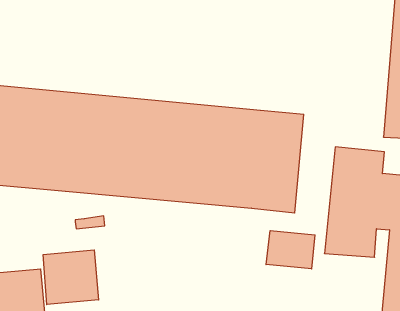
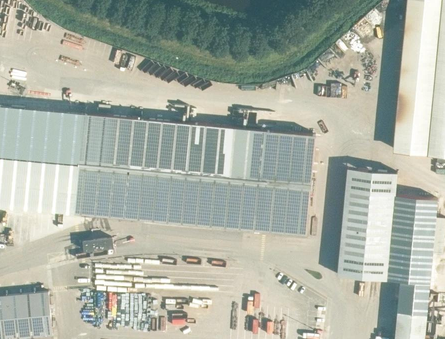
building: [266,231,315,269] -> none
building: [43,250,99,305] -> none

